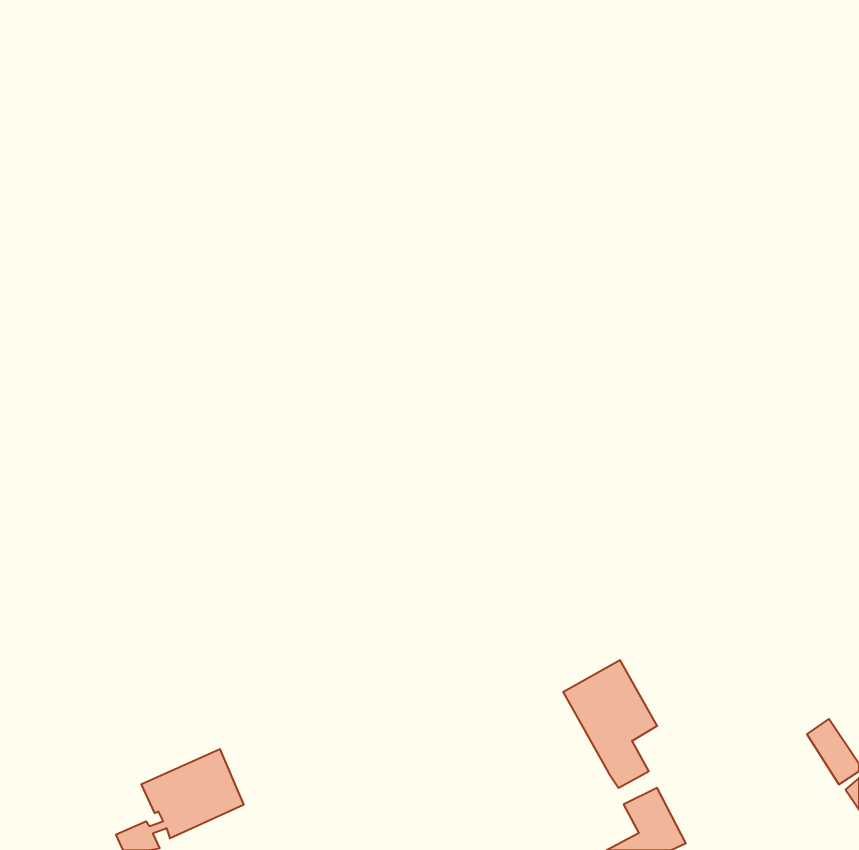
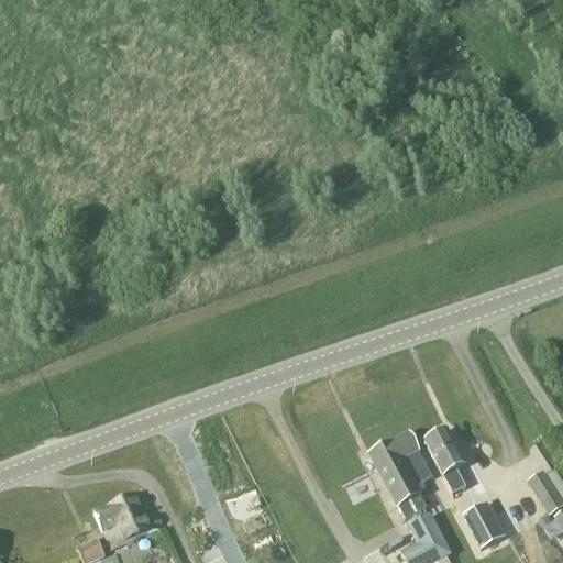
building: none -> [423,429,464,490]
building: none -> [462,501,505,549]

